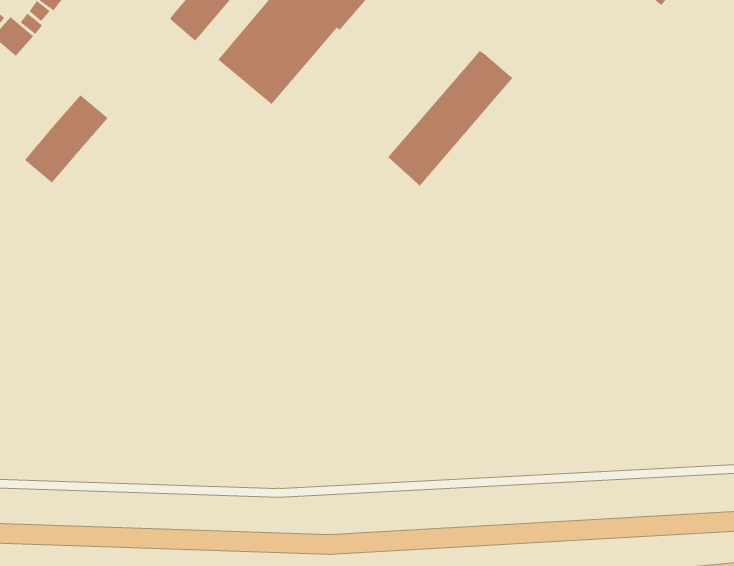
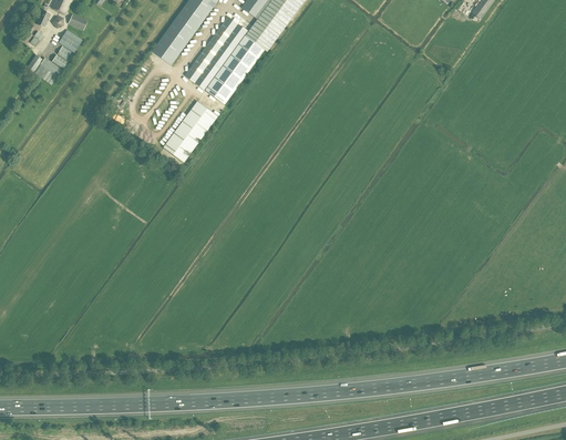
building: [387,50,513,187] -> none
building: [24,95,108,184] -> [163,100,217,161]

